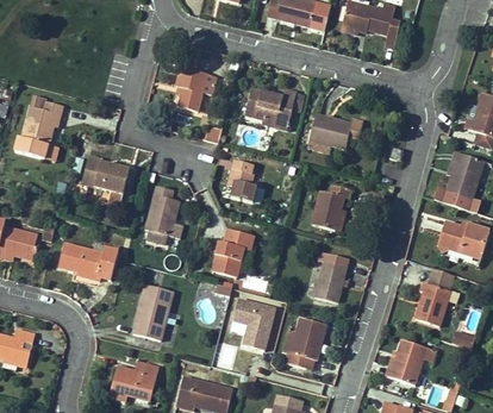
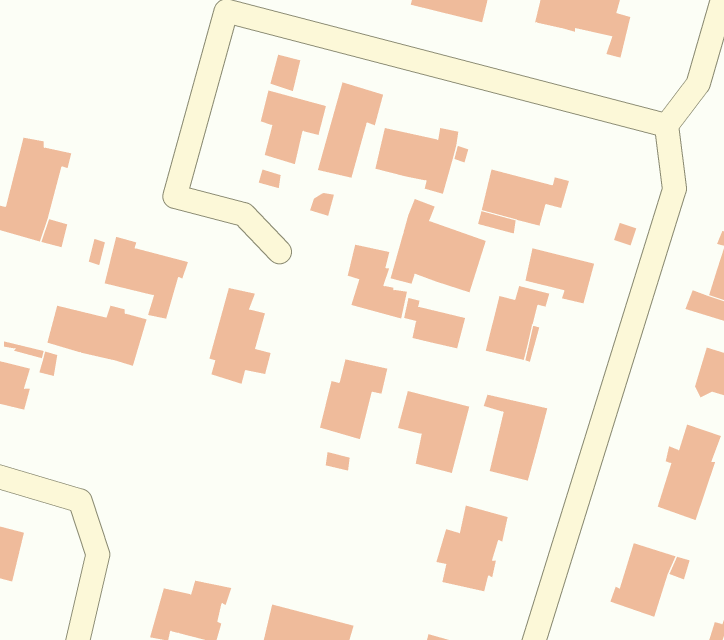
building: none -> [317,81,384,179]
building: none -> [390,198,487,293]
building: none -> [525,247,595,304]
building: none -> [404,297,466,349]
building: [58,243,119,280] -> [47,305,147,367]
building: [133,284,174,340] -> none
building: [230,299,274,349] -> [397,391,470,474]

